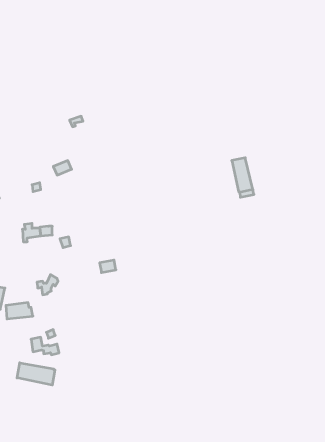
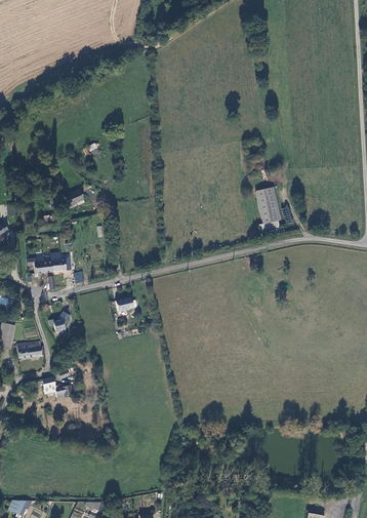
building: [17,363,55,385] -> none

